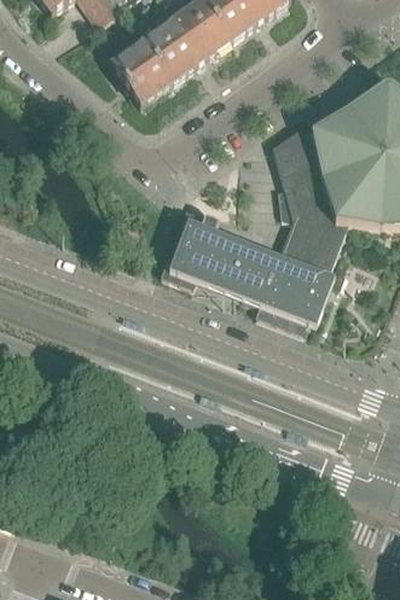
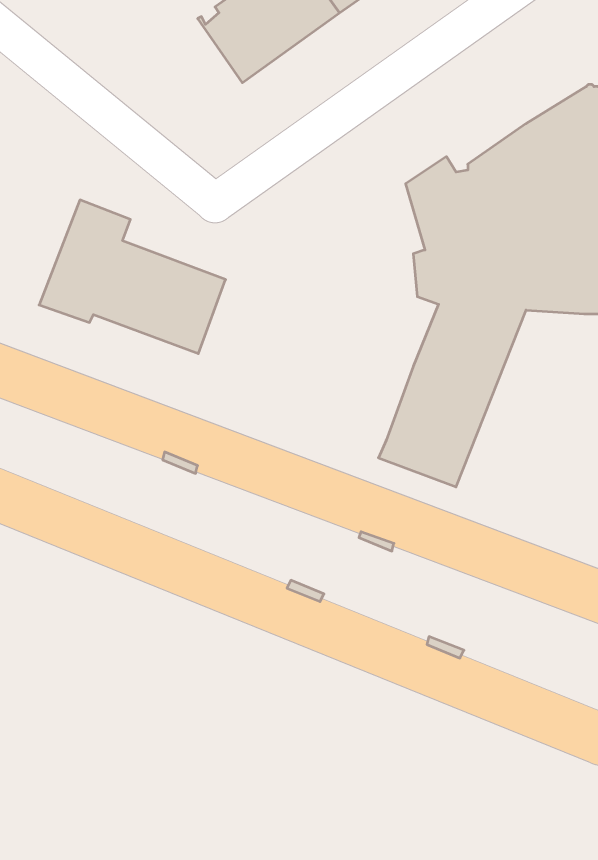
building: [115,37,174,99] -> none
building: [164,204,280,299] -> [39,200,226,354]

